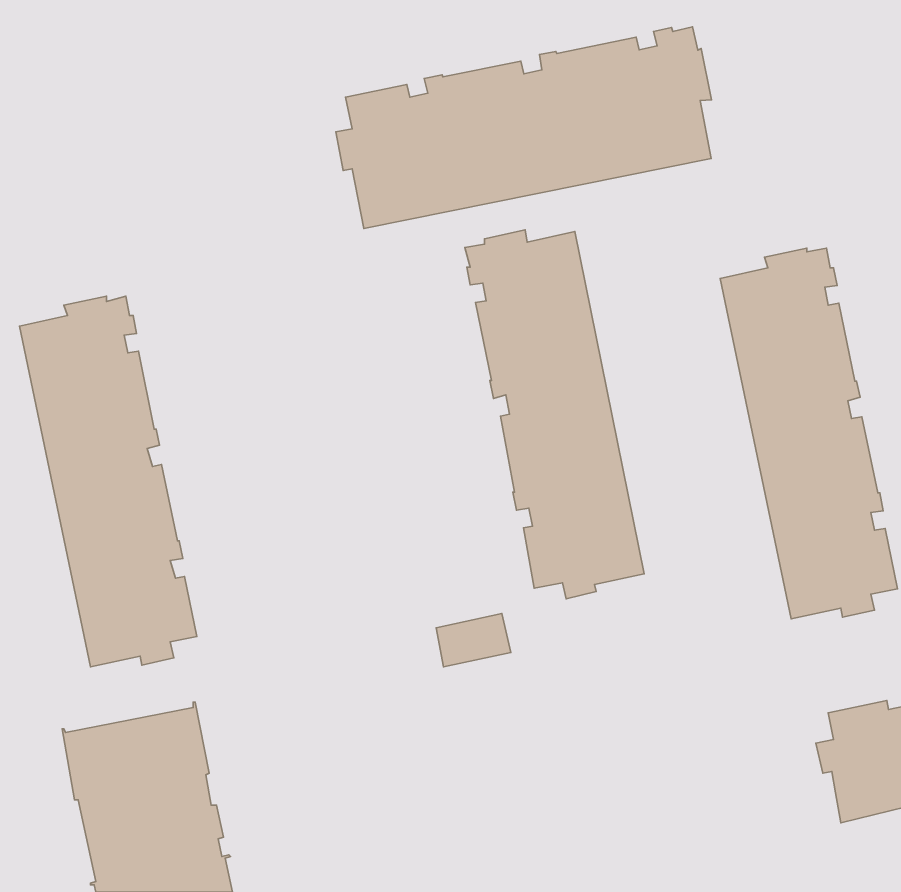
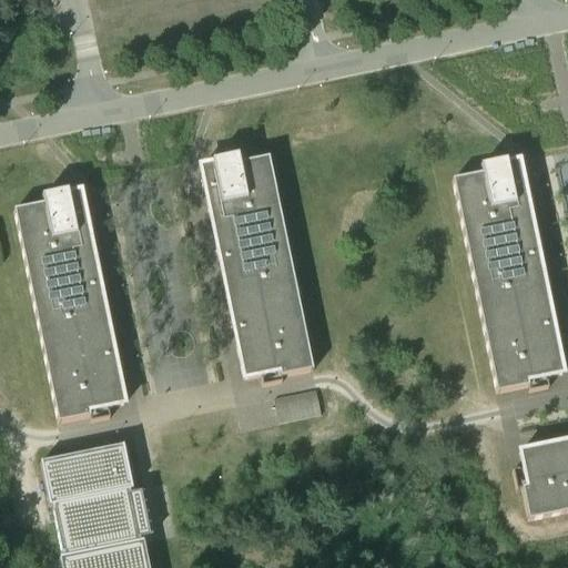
building: [336,27,711,229] -> none
building: [465,230,644,599] -> [202,150,314,381]

